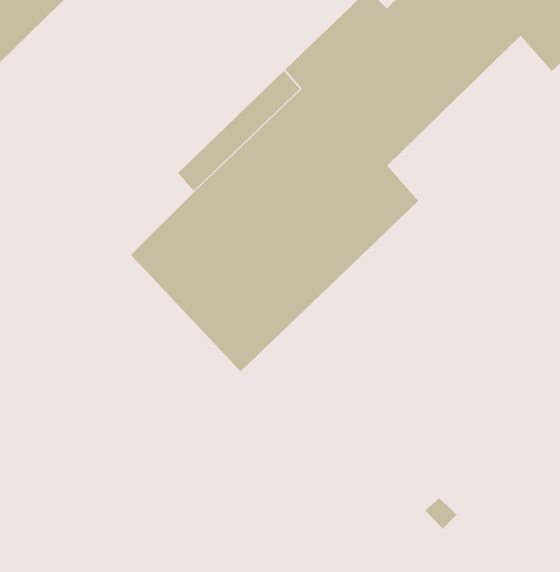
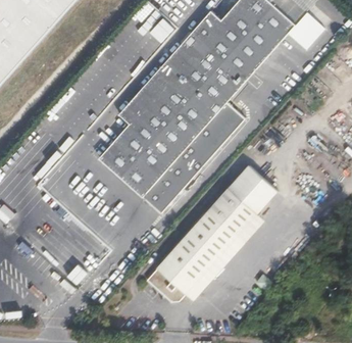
building: none -> [150,165,278,305]

